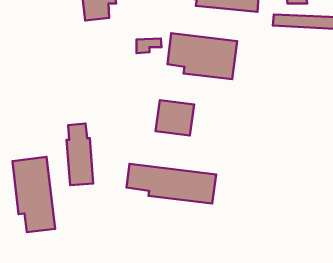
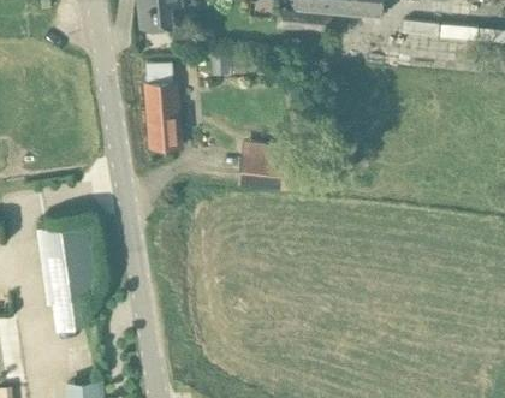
building: [167,33,237,79] -> none
building: [67,123,93,185] -> [144,64,182,150]
building: [127,164,216,203] -> none

